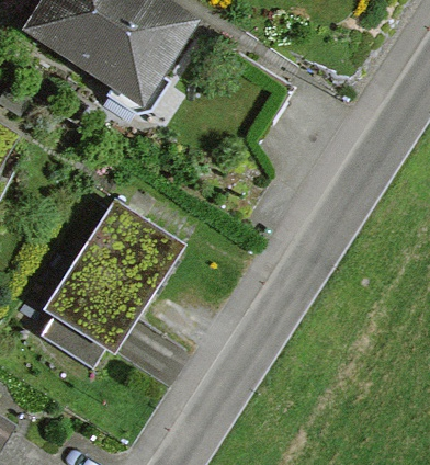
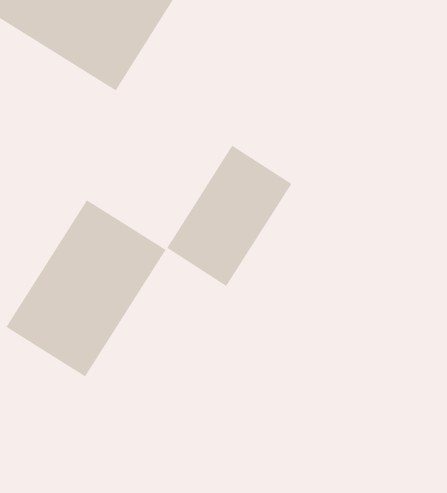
building: none -> [166,145,292,287]

